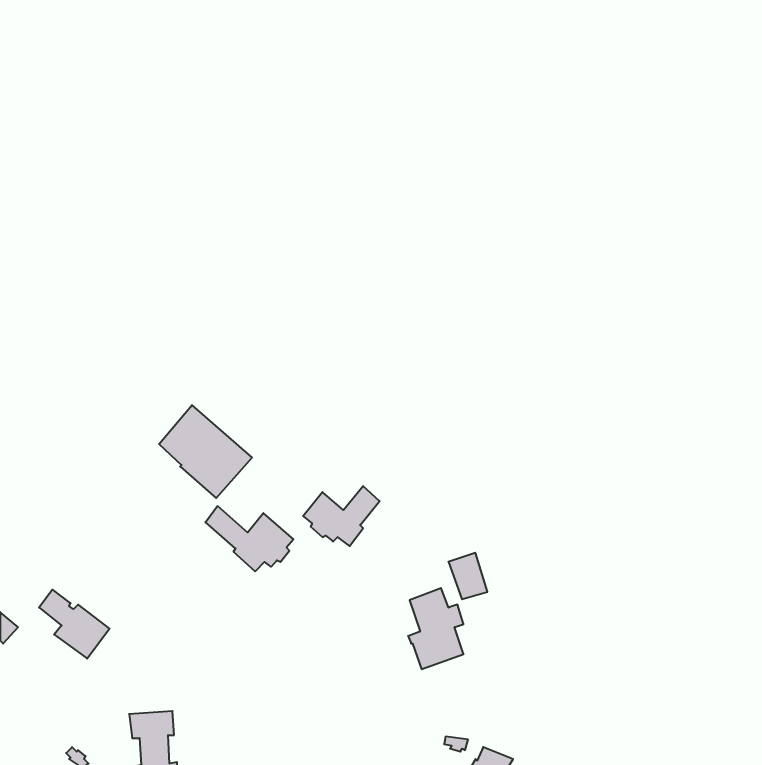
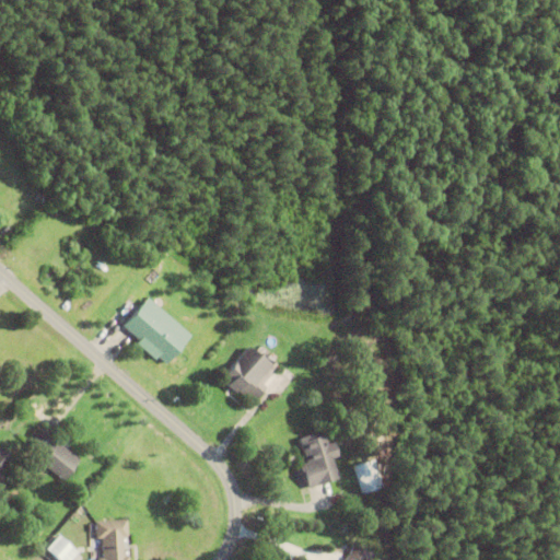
building: [205,506,293,571] -> none
building: [448,553,487,599] -> [357,459,385,493]

